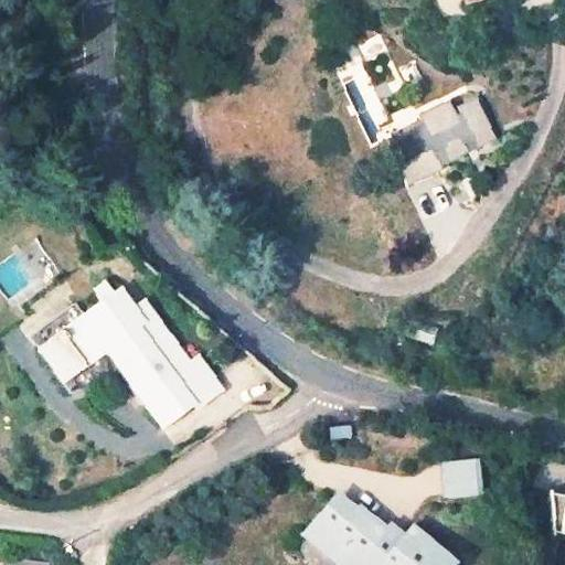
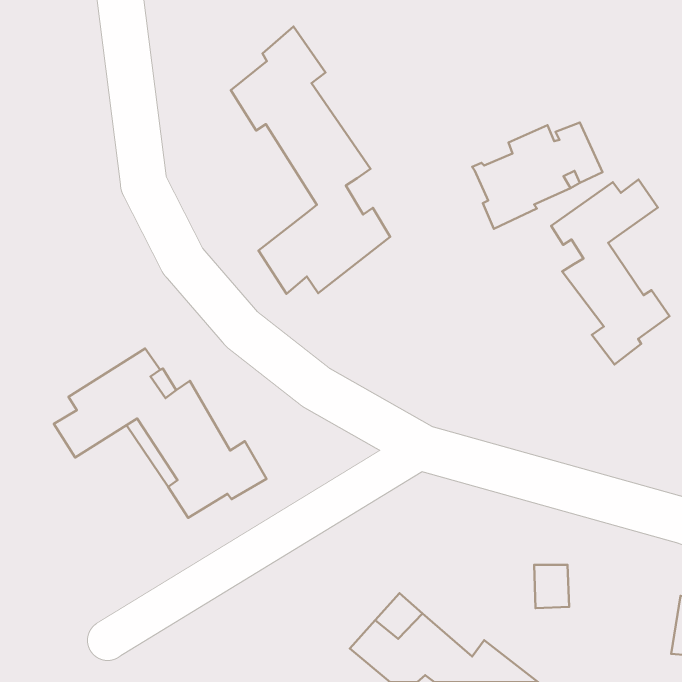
building: none -> [231,27,390,294]
building: none -> [551,179,669,364]

